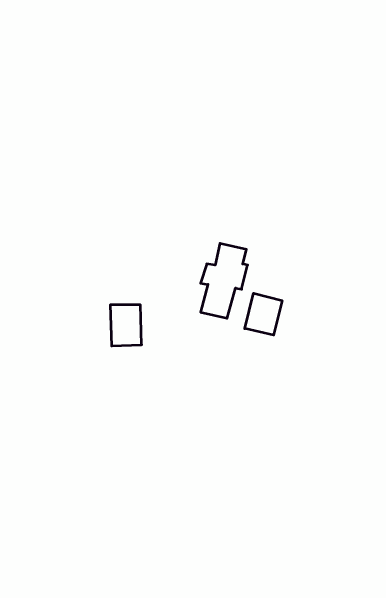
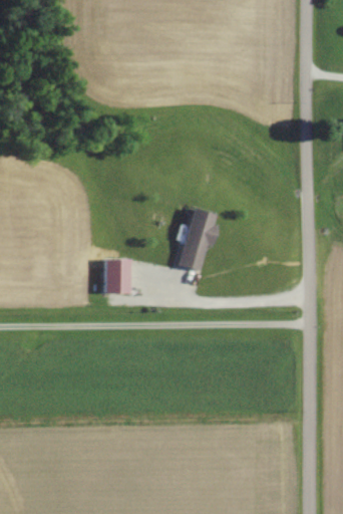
building: [245,293,282,335] -> none

